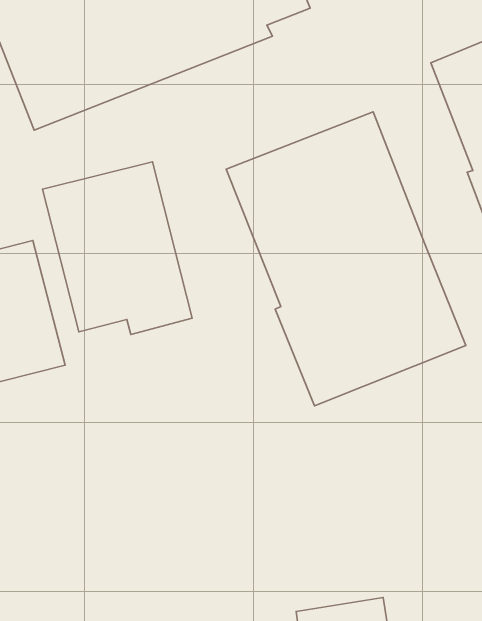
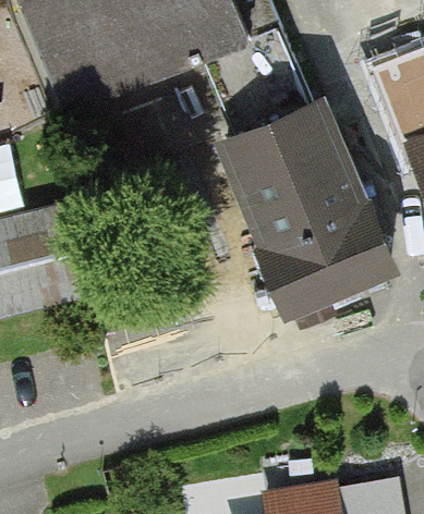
building: [42,162,192,334] -> none

